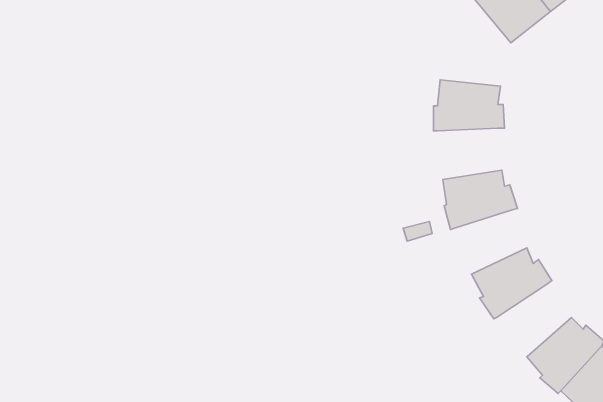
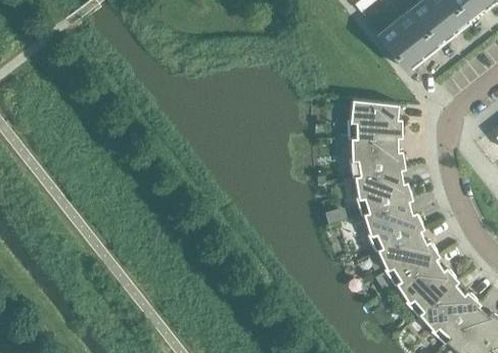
building: none -> [349,137,406,178]
building: none -> [364,201,424,252]
building: none -> [397,259,459,316]

